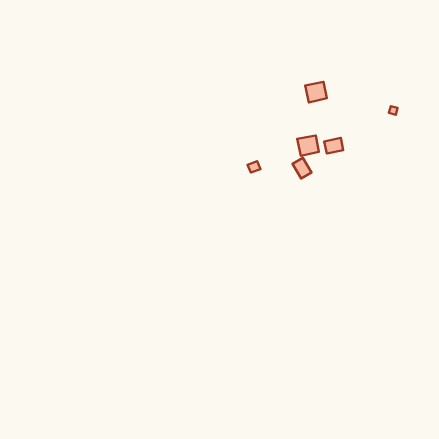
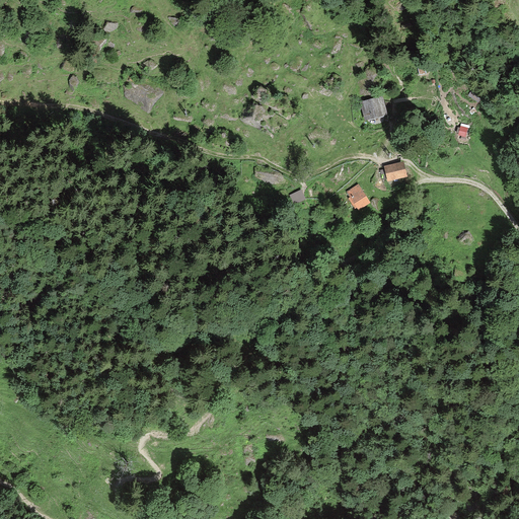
building: [297,136,319,156] -> none

